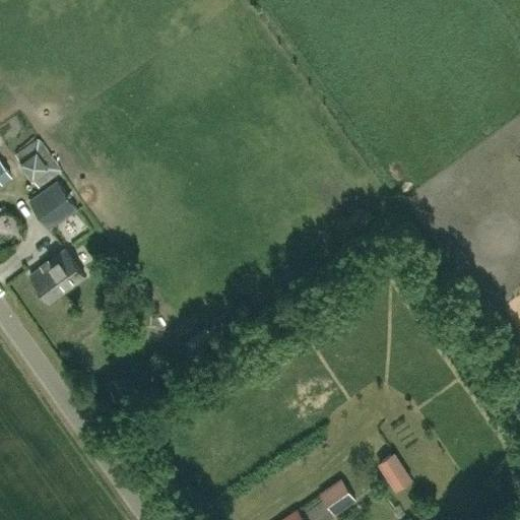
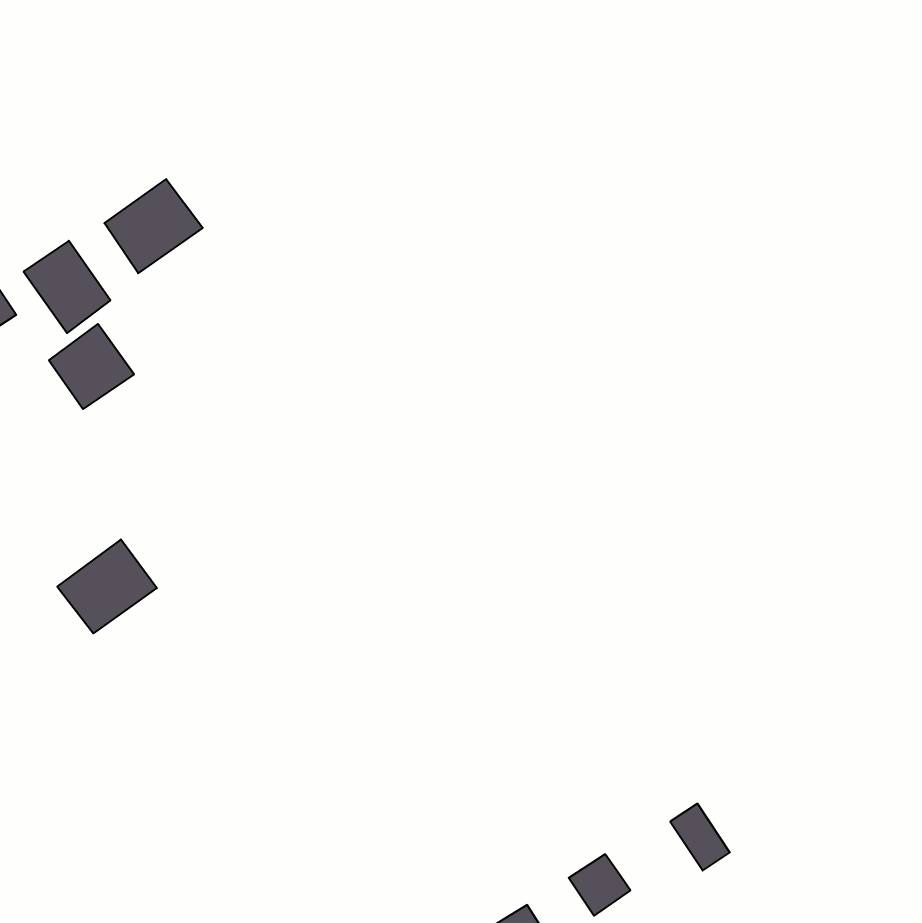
building: none -> [104,179,203,273]
building: [29,251,85,304] -> [57,539,157,633]

